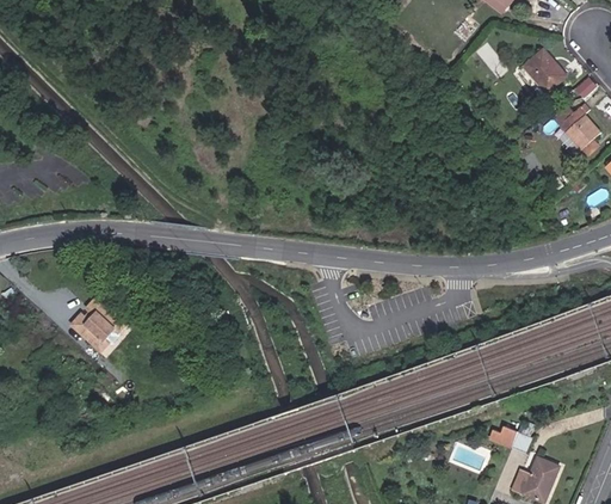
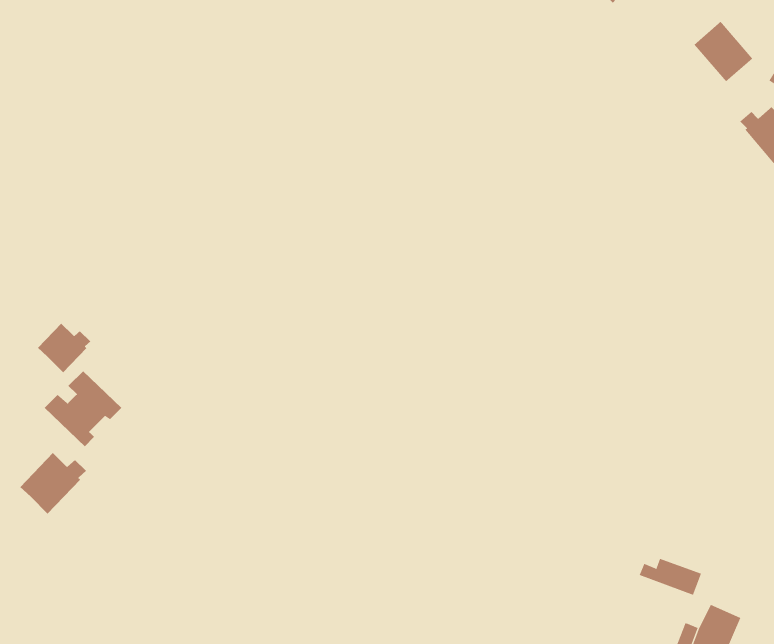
building: none -> [37,323,91,373]
building: none -> [20,452,87,515]

